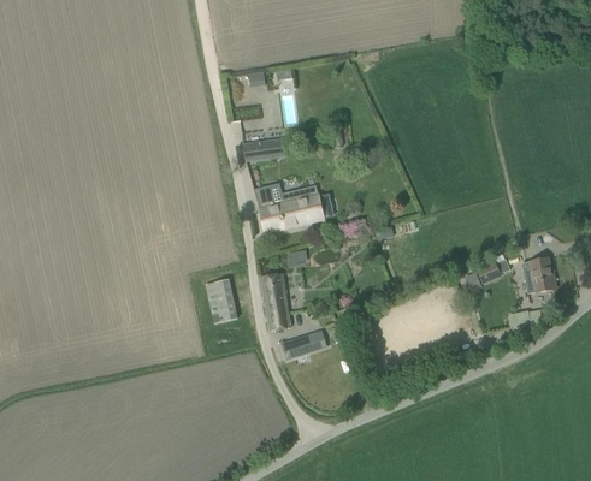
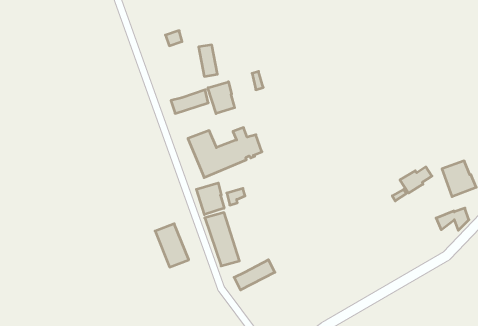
building: none -> [208,82,235,114]
building: none -> [196,183,224,215]

